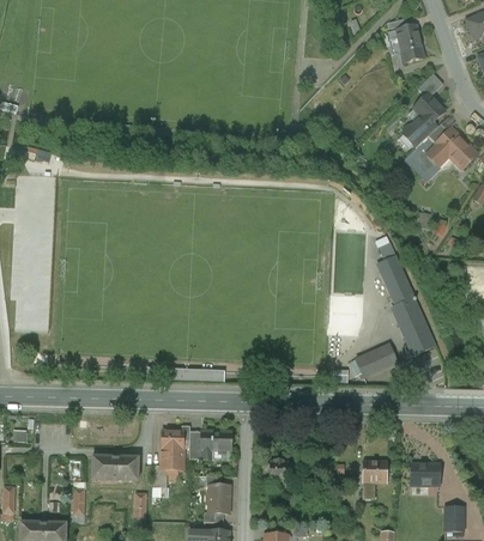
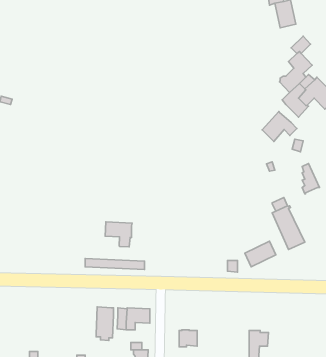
building: none -> [262,112,297,142]
building: [387,254,410,293] -> [302,164,319,194]
building: none -> [105,222,132,247]
building: [91,455,138,480] -> none
building: [410,462,440,484] -> none

